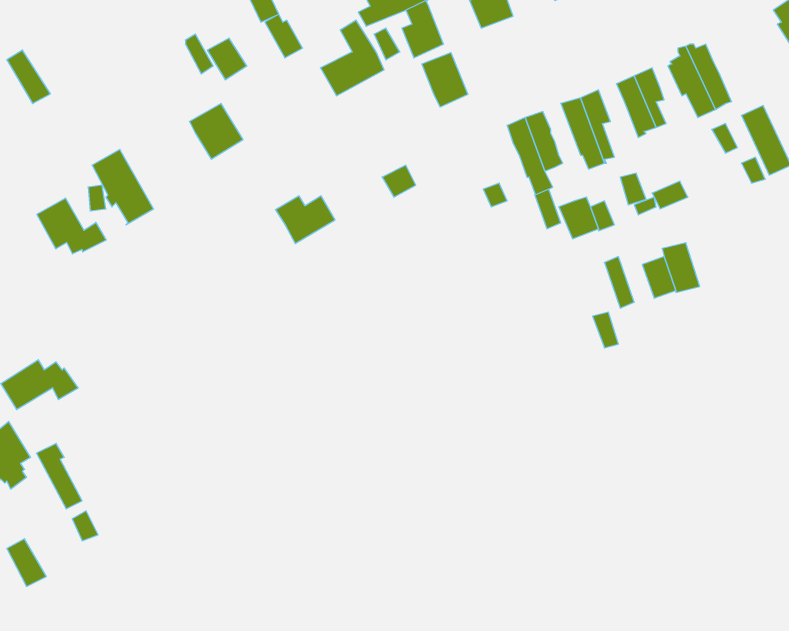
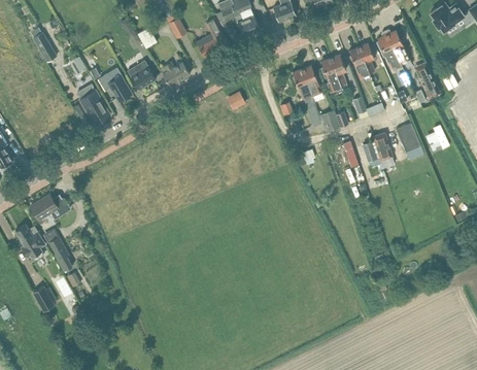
building: [422,53,468,107] -> none
building: none -> [98,72,132,101]
building: [275,196,335,244] -> [159,62,190,87]
building: [37,198,106,254] -> none
building: none -> [396,123,420,153]

